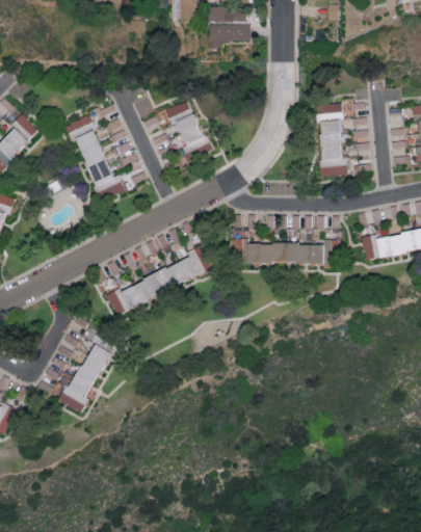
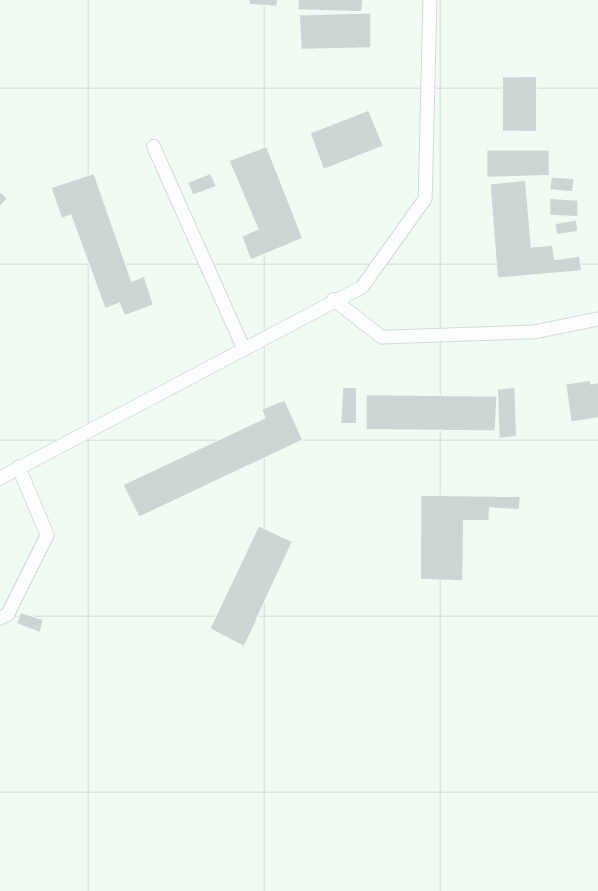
building: none -> [503,76,536,132]
building: none -> [310,110,383,170]
building: none -> [421,495,520,581]
building: [61,343,109,413] -> [210,526,293,646]

